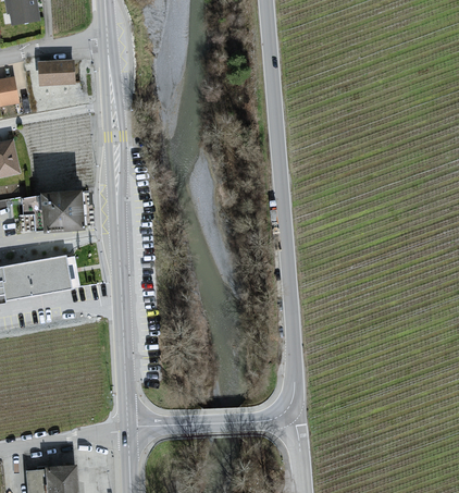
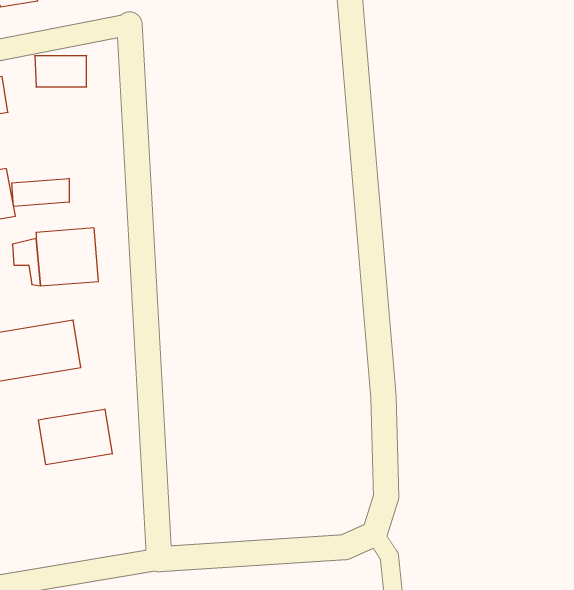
building: none -> [12,178,69,206]
building: none -> [38,409,112,465]

